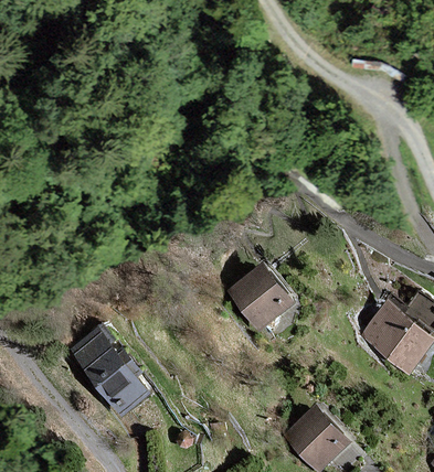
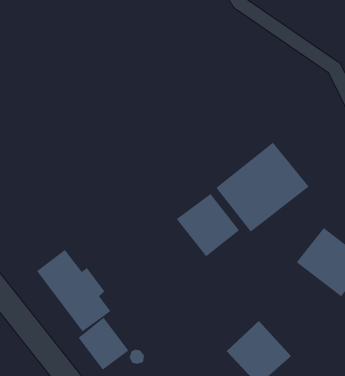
building: none -> [215,142,309,233]
building: none -> [78,317,129,370]

